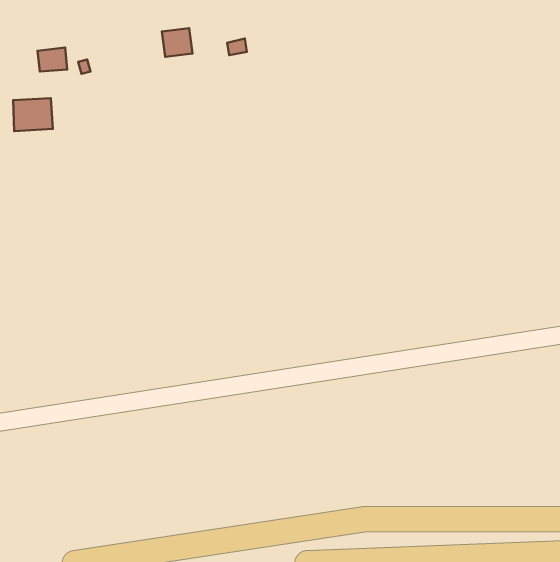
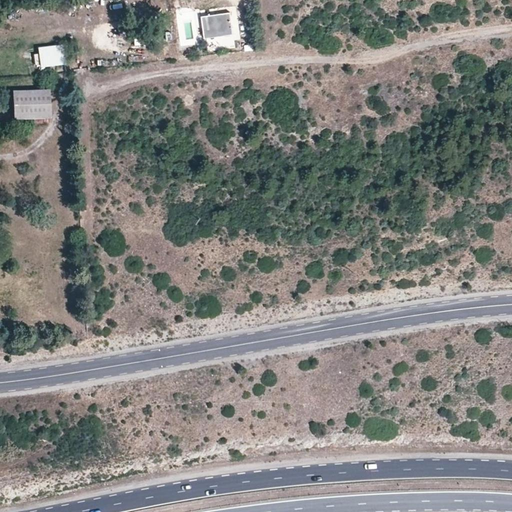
building: [162,28,193,57] -> [200,11,228,37]

